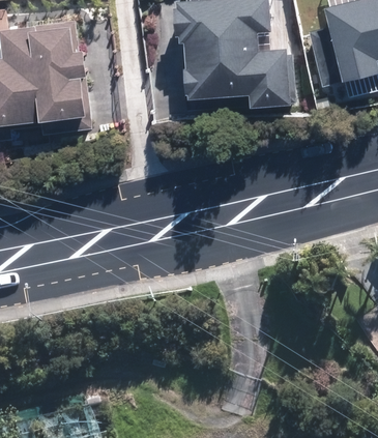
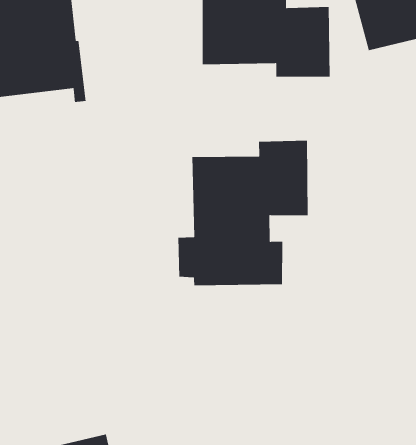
building: none -> [177,140,309,286]

